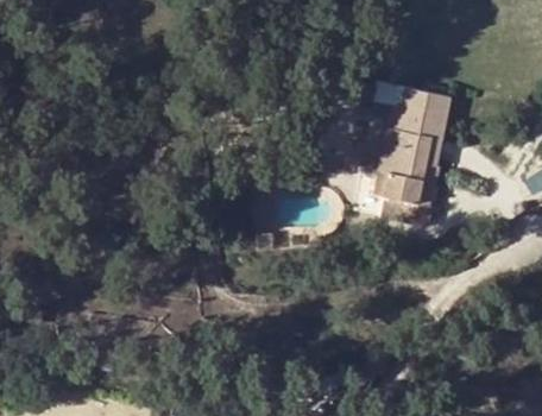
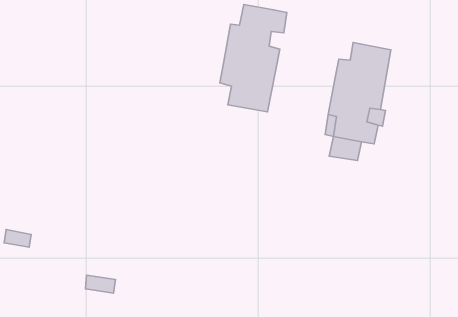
building: none -> [220,4,287,112]

